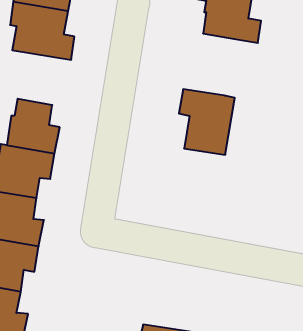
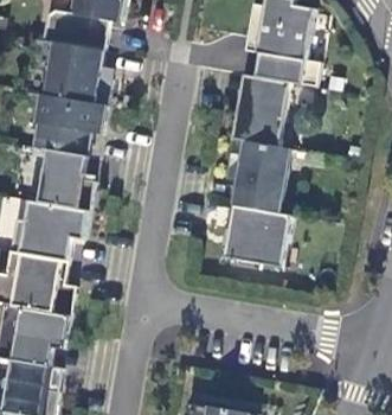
building: none -> [232,76,289,146]
building: none -> [32,95,107,157]
building: none -> [219,205,291,269]

